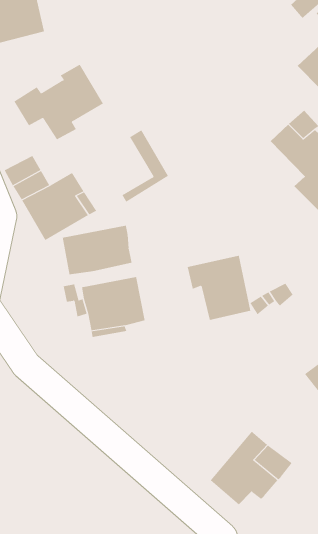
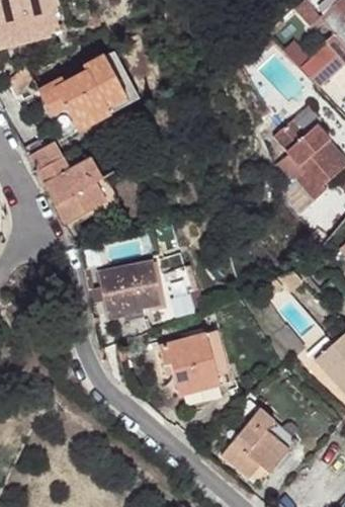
building: [122,130,169,203] -> [91,55,136,123]
building: [62,225,132,275] -> none
building: [187,255,251,321] -> [159,338,220,400]

